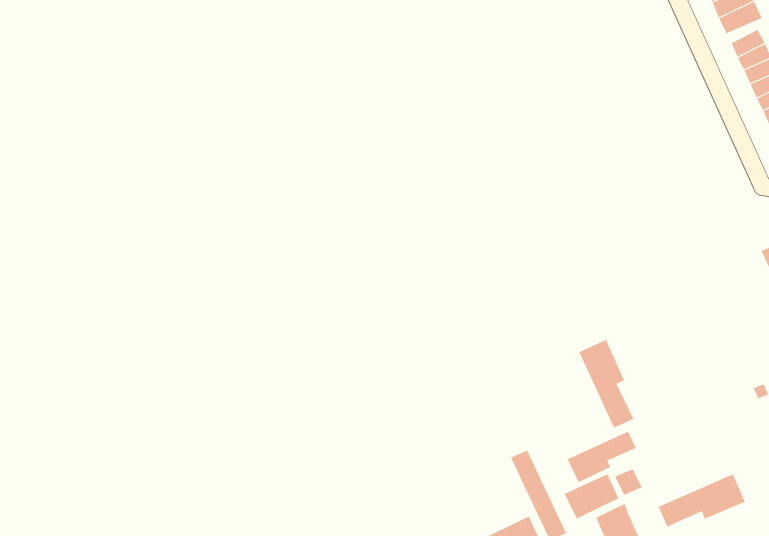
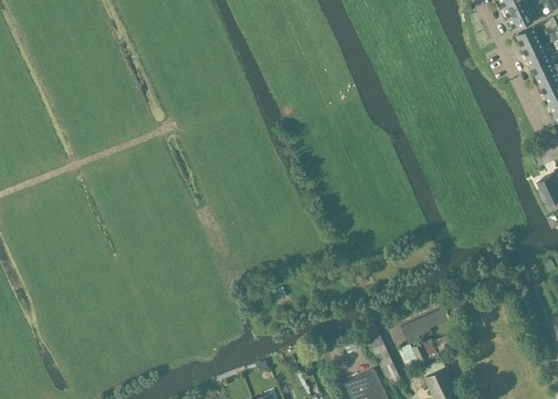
building: [579,339,634,429] -> none
building: [658,473,746,527] -> none

